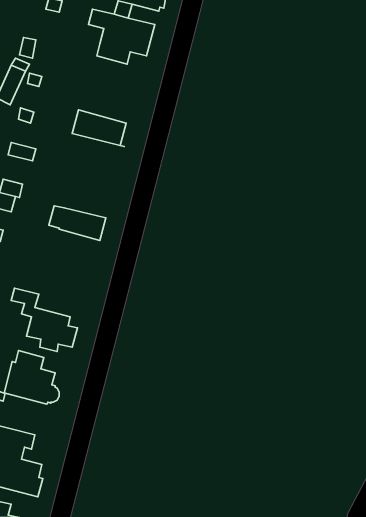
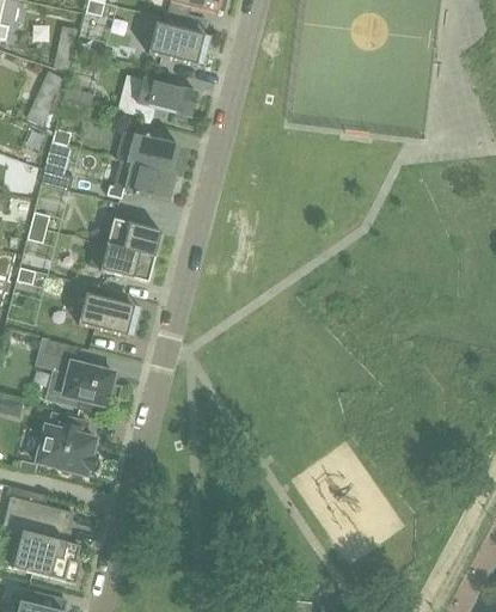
building: none -> [136,78,197,118]
building: none -> [105,157,177,200]
building: none -> [106,218,161,256]
building: none -> [78,293,134,335]

